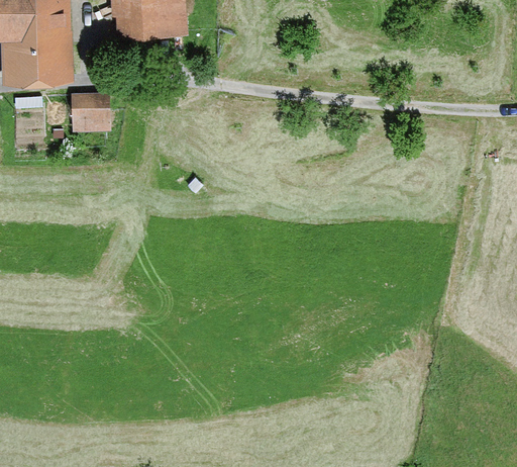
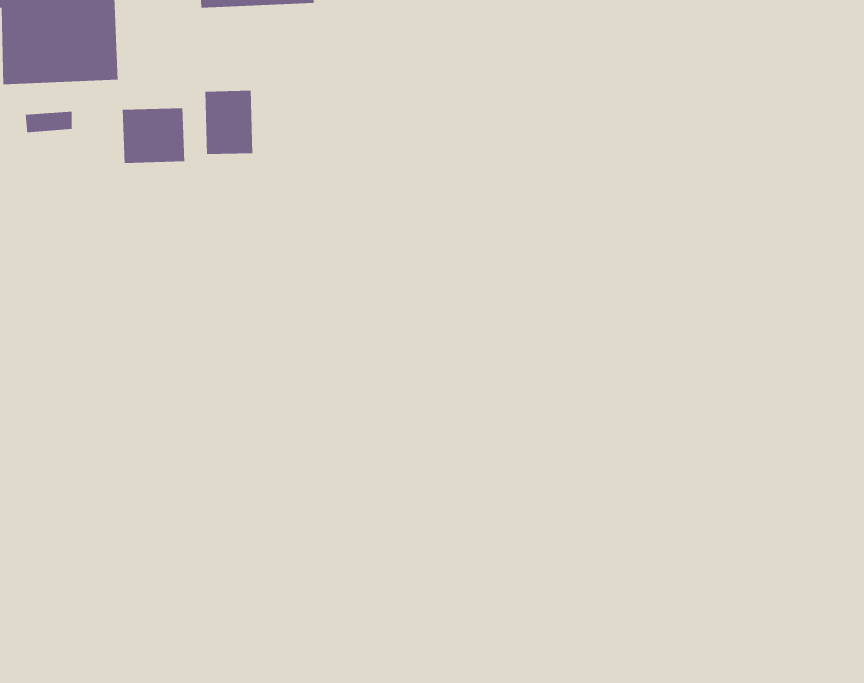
building: none -> [204,90,253,155]

